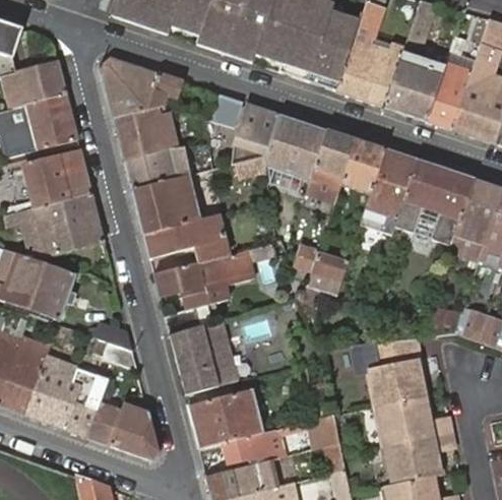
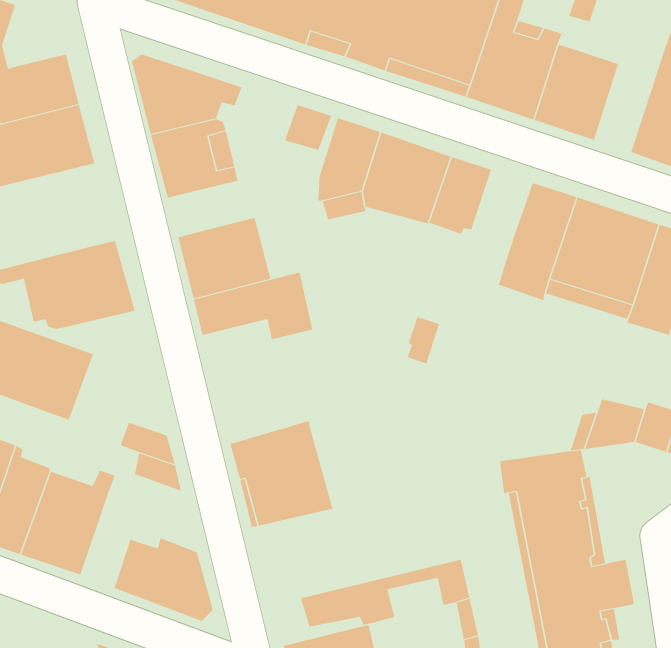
building: [427,37,476,129] -> none
building: [341,141,383,191] -> none
building: [126,148,188,189] -> none
building: [30,149,89,203] -> none
building: [154,249,253,334] -> none
building: [307,250,347,294] -> none
building: [65,368,109,436] -> none
building: [188,390,261,448] -> none

